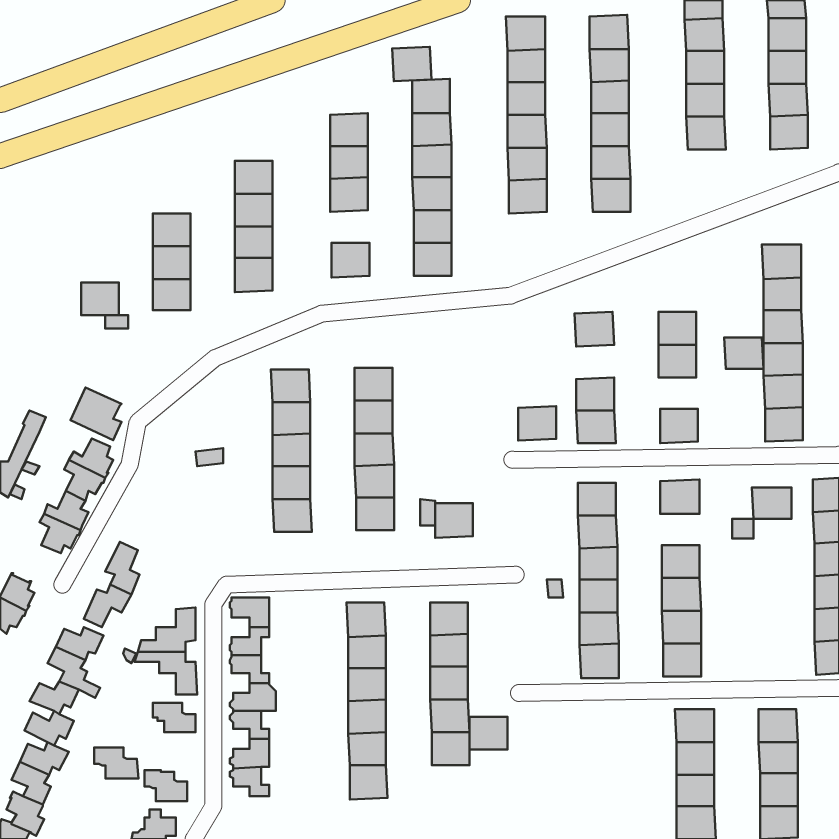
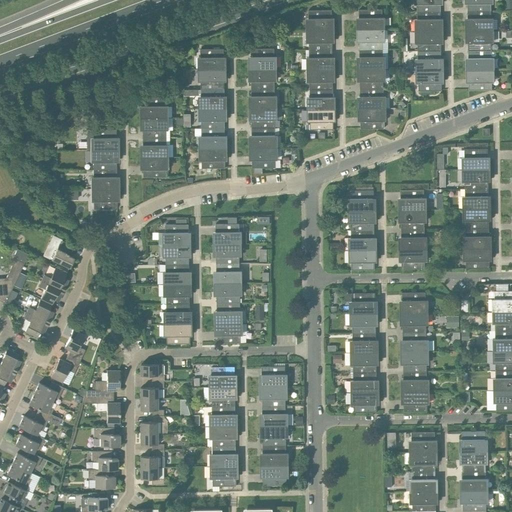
building: [392,47,432,81] -> [200,49,224,70]
building: none -> [201,128,225,148]
building: [81,282,119,315] -> [93,189,116,209]
building: [724,338,763,369] -> [401,230,425,249]
building: [518,406,556,441] -> [351,210,374,231]
building: [752,488,791,519] -> [402,313,426,332]
building: [435,503,473,538] -> [217,323,240,344]
building: none -> [167,324,190,344]
building: [470,717,507,750] -> [263,466,286,486]
building: [94,747,138,779] -> [91,451,118,470]

